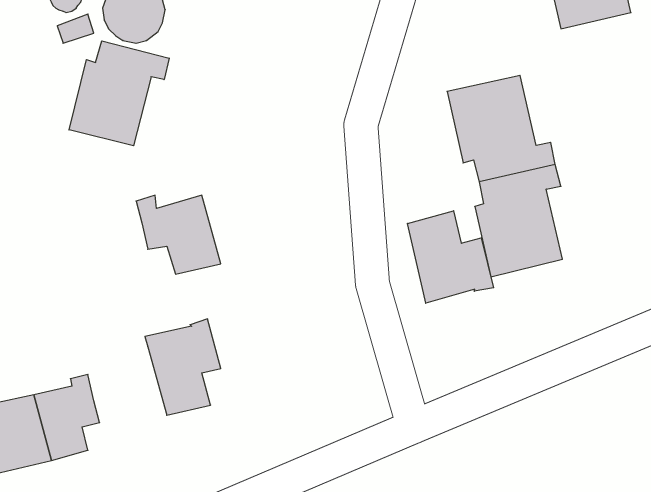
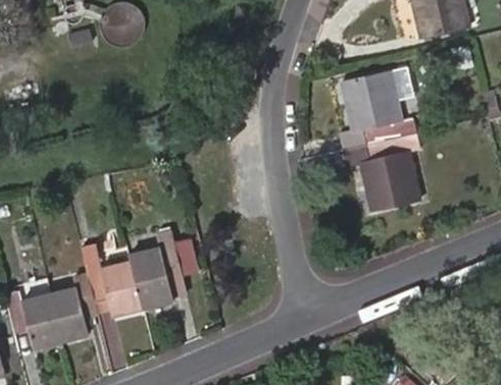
building: [69,41,169,146] -> none
building: [136,195,221,274] -> [85,260,144,315]
building: [407,211,494,303] -> none

